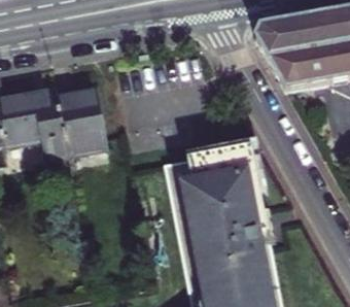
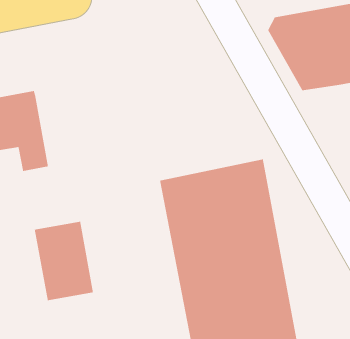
building: [57,83,108,152] -> [34,221,94,301]

